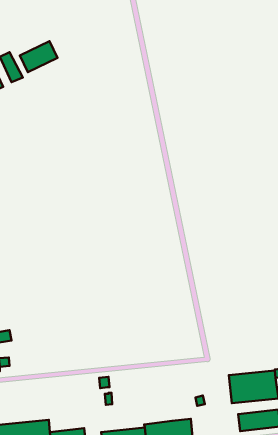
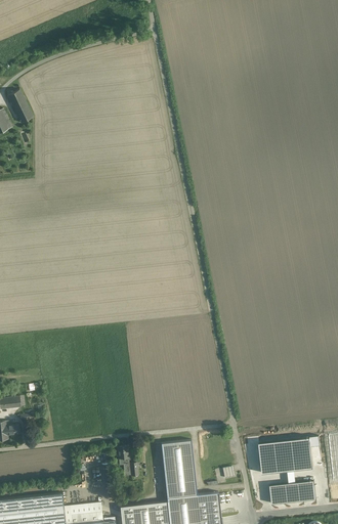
building: [20,41,58,72] -> none
building: none -> [160,440,197,498]

